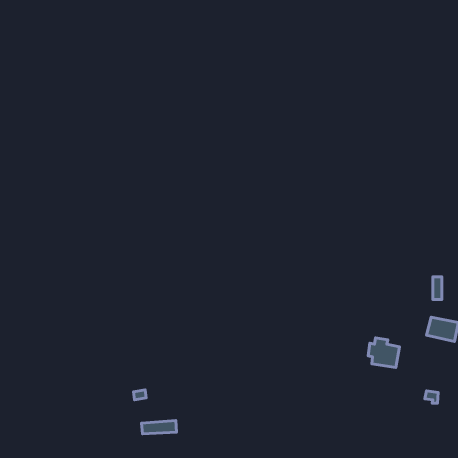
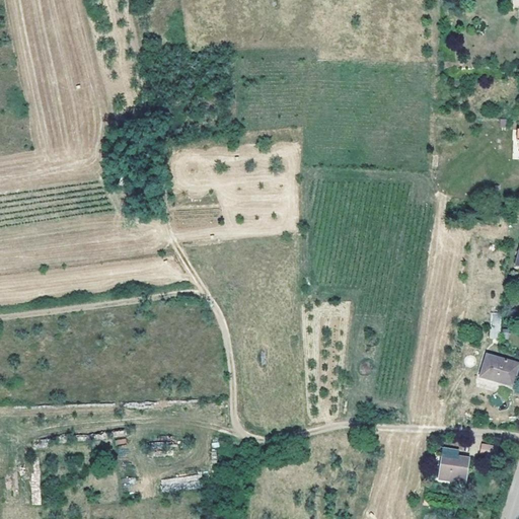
building: [368,338,400,367] -> [434,446,469,479]

